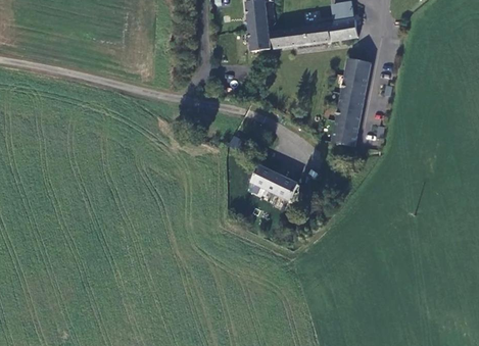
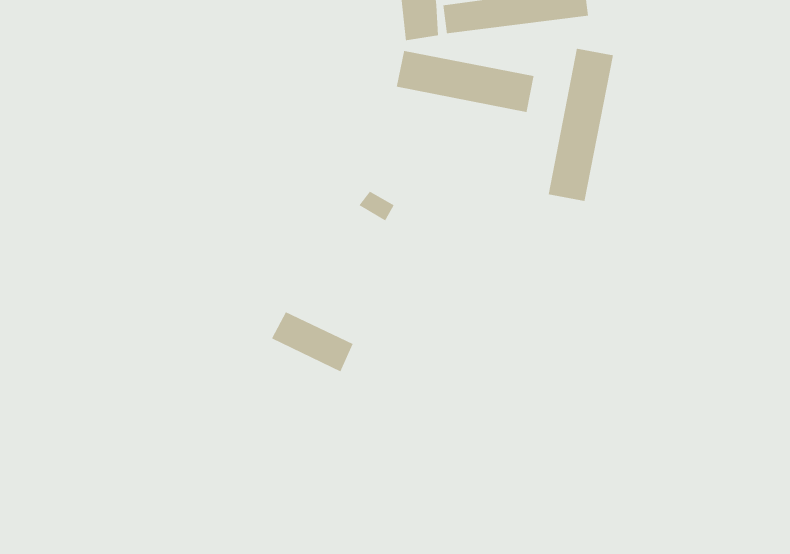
building: none -> [396,50,534,113]
building: [249,166,296,201] -> [271,312,353,372]

